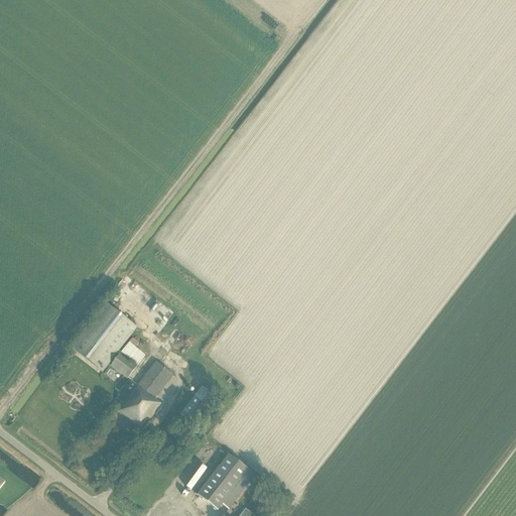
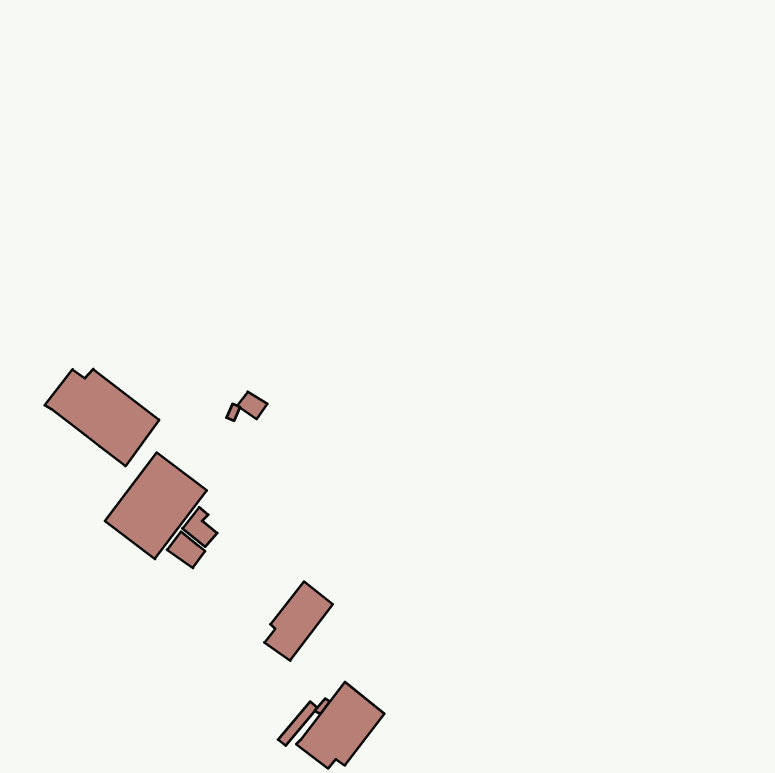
building: none -> [45,369,159,466]
building: [117,360,174,429] -> none

